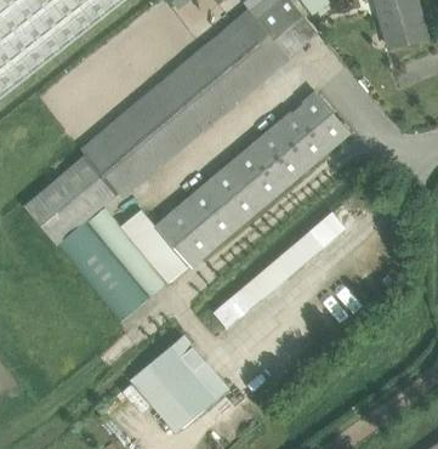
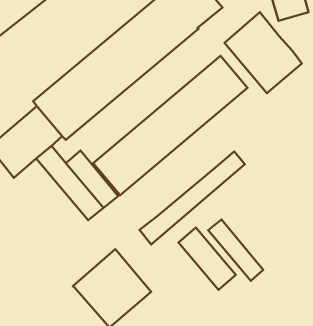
building: none -> [225,12,302,93]
building: [56,220,150,323] -> none
building: none -> [208,220,263,281]
building: none -> [178,227,236,290]

